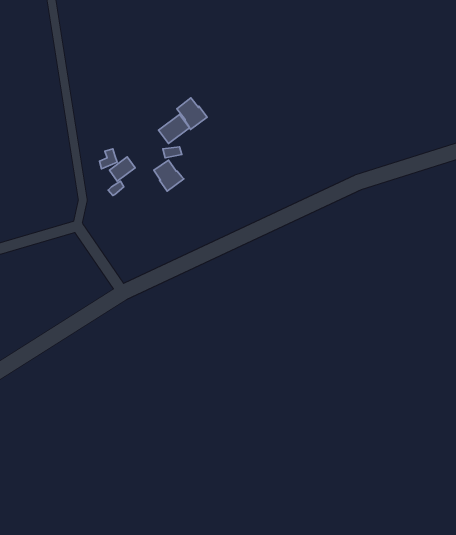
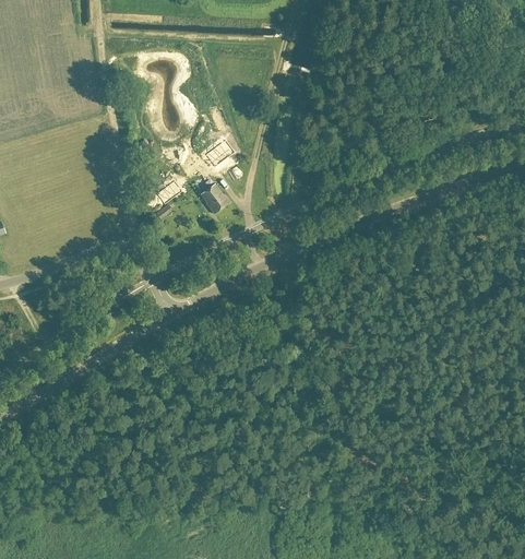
building: [177,98,207,130] -> none

